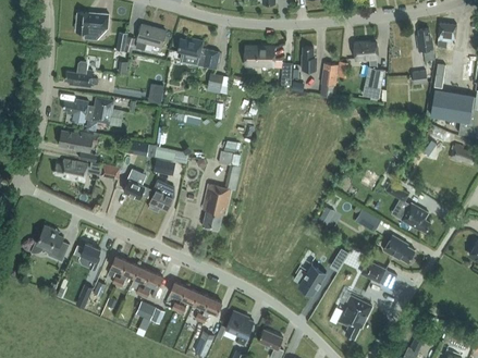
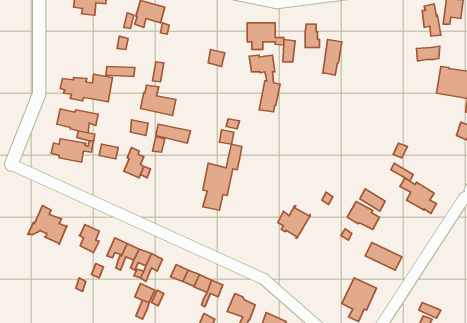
building: [177,40,219,69] -> none
building: [353,41,383,97] -> [249,55,280,112]
building: [64,62,97,87] -> none
building: none -> [140,85,176,116]
building: [148,180,174,212] -> none
building: [382,235,414,262] -> [347,202,379,229]
building: [294,263,326,295] -> [278,206,310,238]

